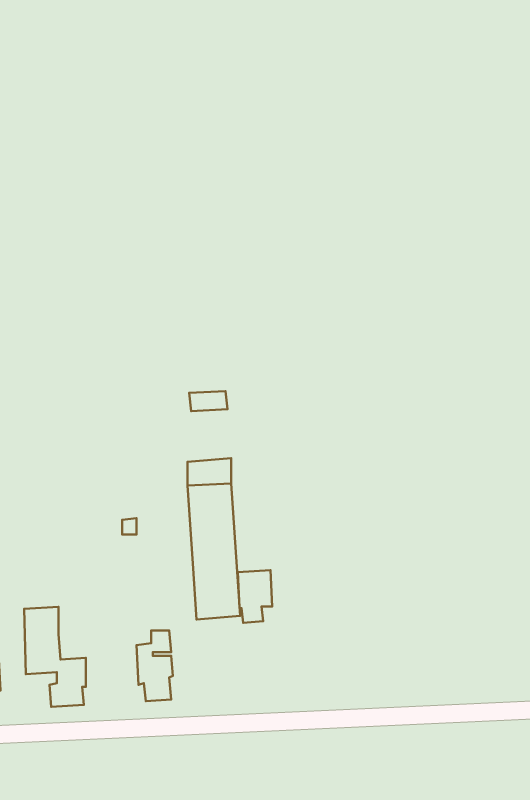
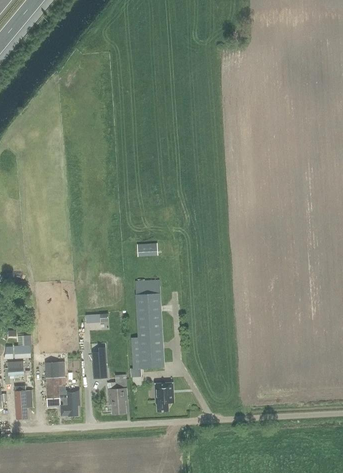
building: [238,570,272,623] -> [154,383,173,412]
building: none -> [91,347,107,379]

